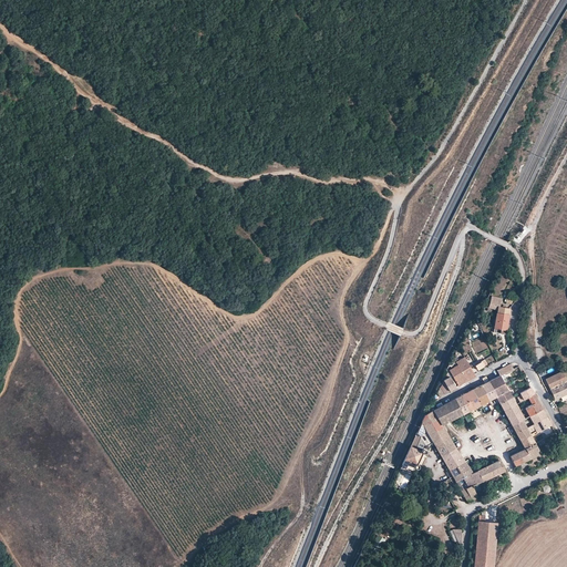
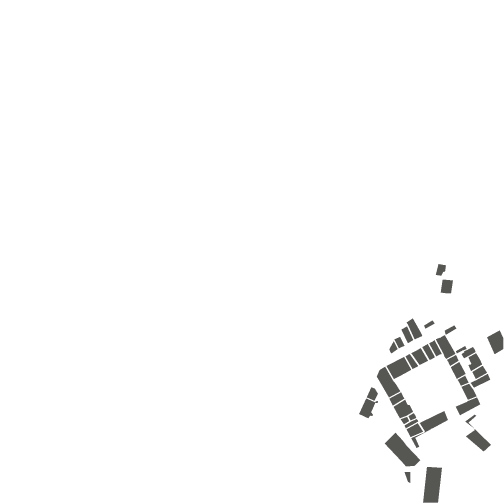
building: none -> [464,413,492,452]
building: none -> [384,432,421,467]

